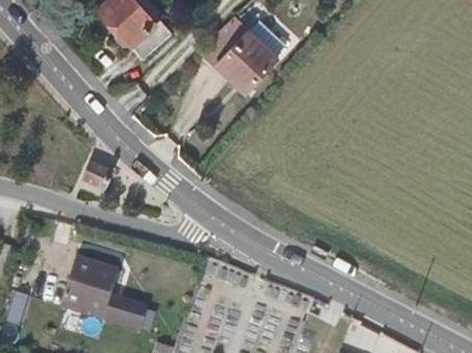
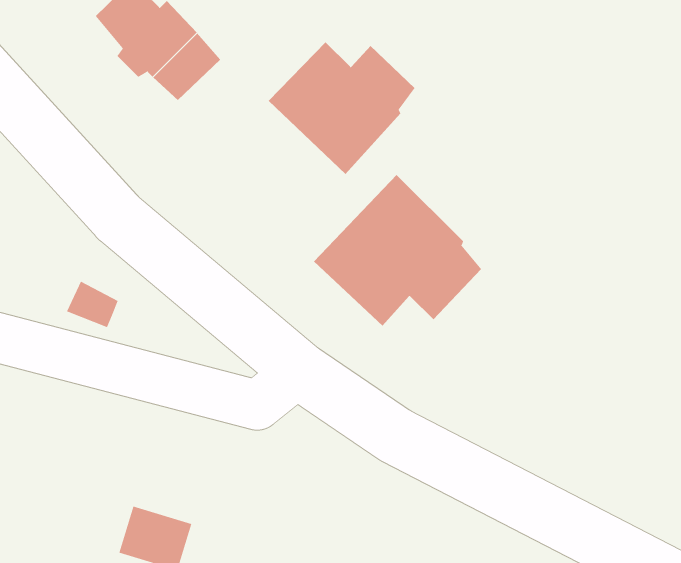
building: none -> [313,174,482,326]
building: [66,256,123,318] -> none

